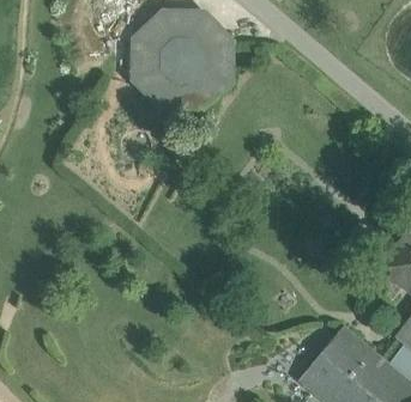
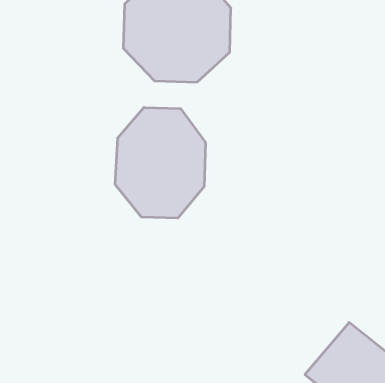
building: none -> [115,107,205,218]

